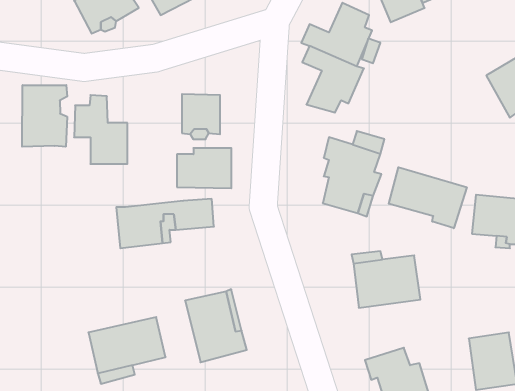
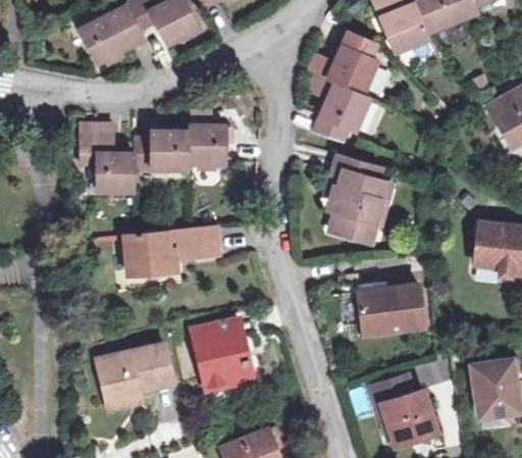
building: [22,85,67,147] -> none
building: [177,148,231,188] -> [135,131,189,170]
building: [389,167,467,228] -> none

